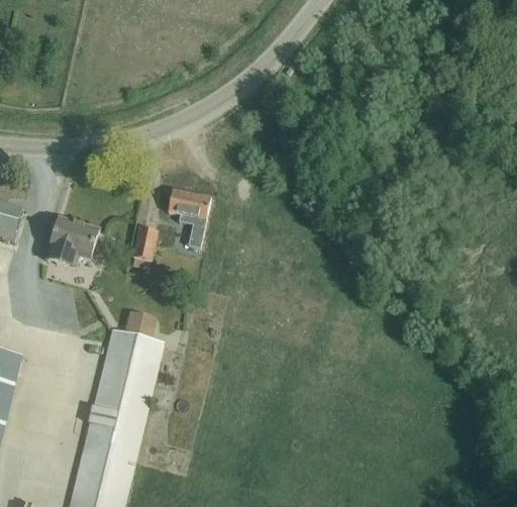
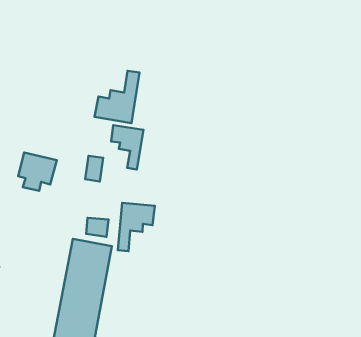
building: none -> [95,71,140,123]
building: none -> [118,203,155,251]

